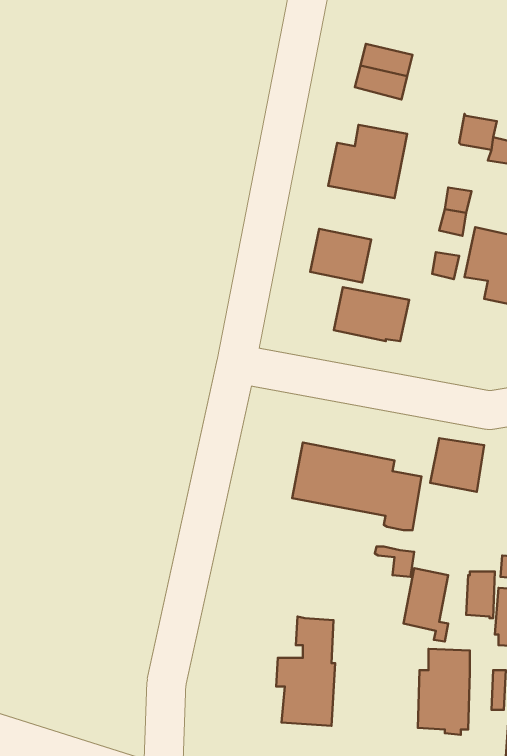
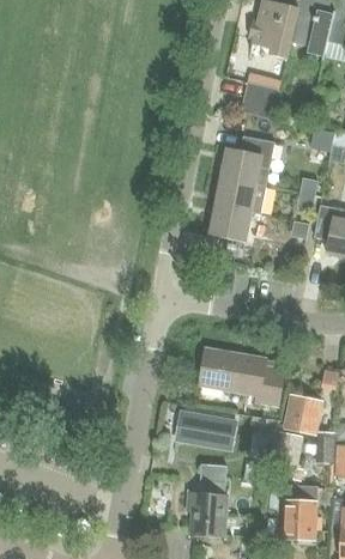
building: [334,287,409,341] -> [216,176,266,212]
building: [430,438,484,492] -> [283,396,319,432]
building: none -> [176,412,235,451]

